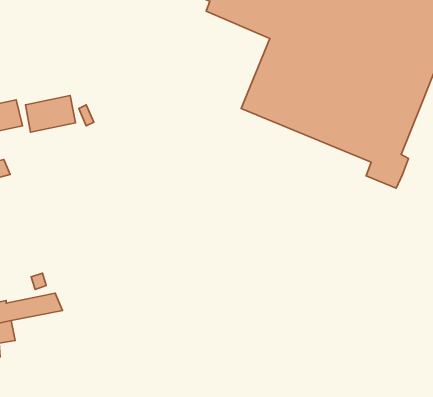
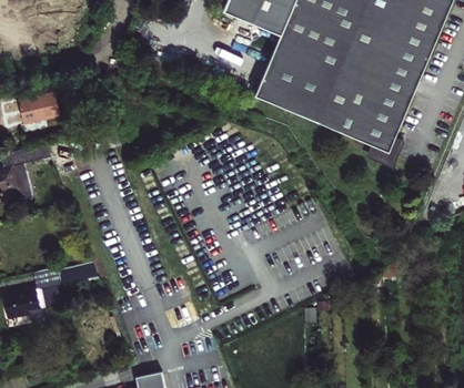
building: [25,95,75,132] -> none

